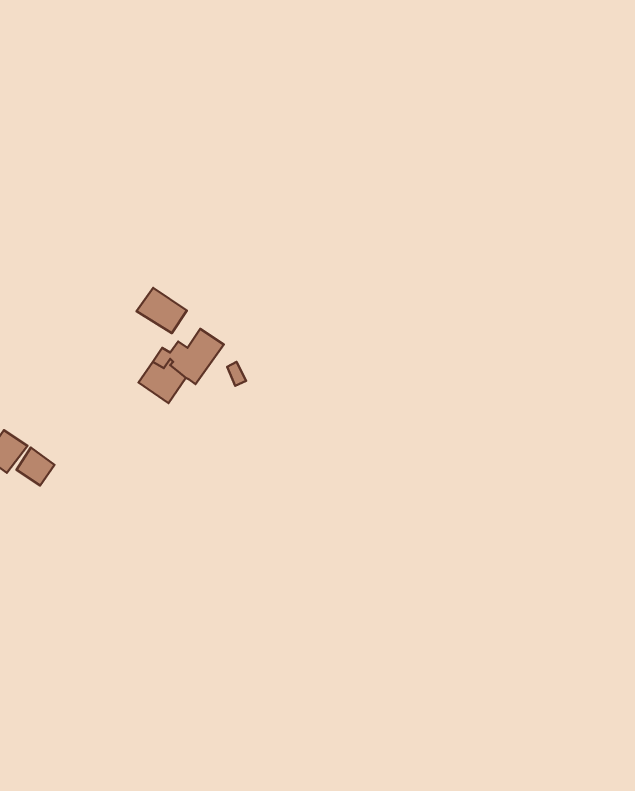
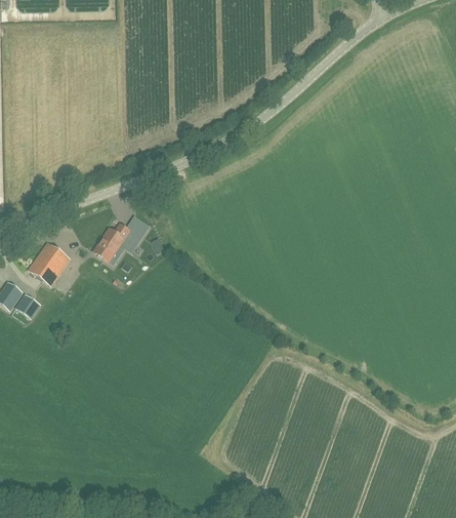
building: [136,288,187,333] -> none
building: none -> [28,242,70,284]

